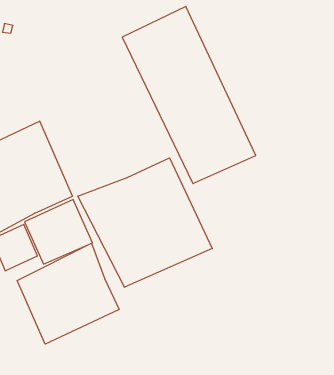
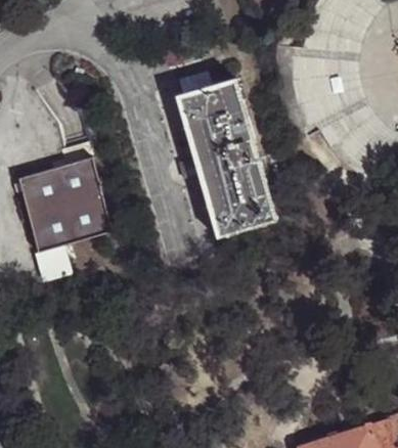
building: [78,158,212,287] -> none
building: [17,243,119,344] -> none

